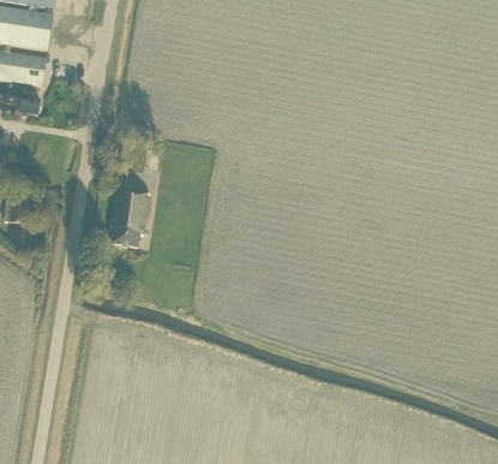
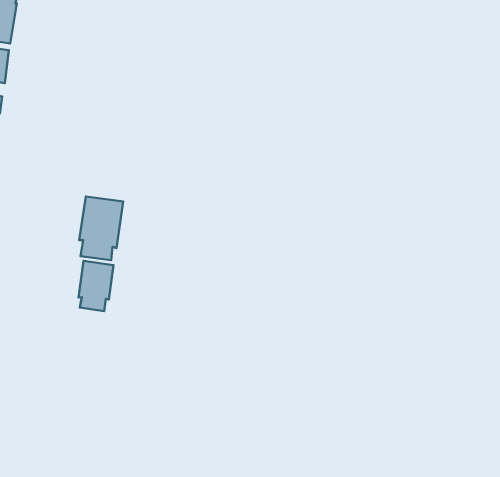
building: none -> [78,261,113,311]

